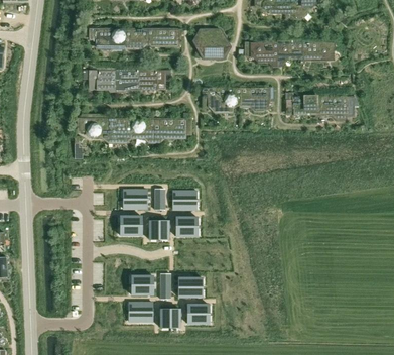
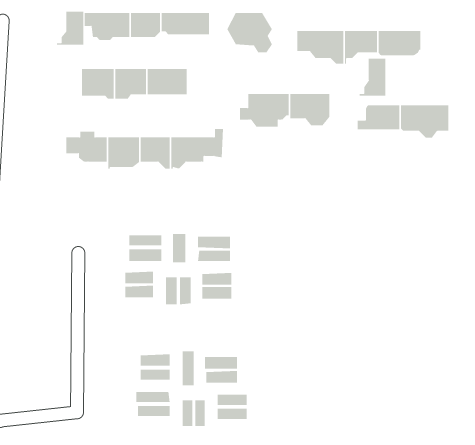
building: none -> [57,11,84,46]
building: none -> [359,58,386,97]

